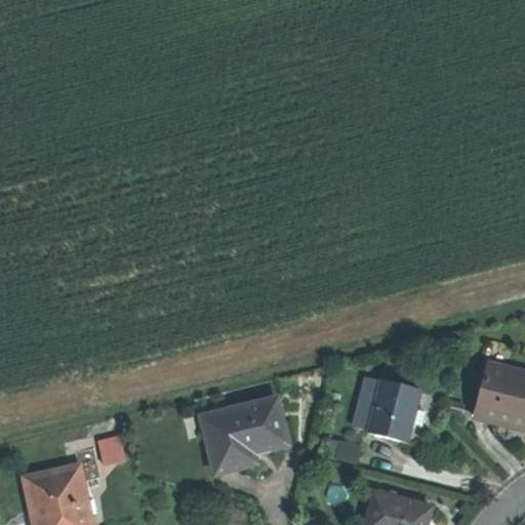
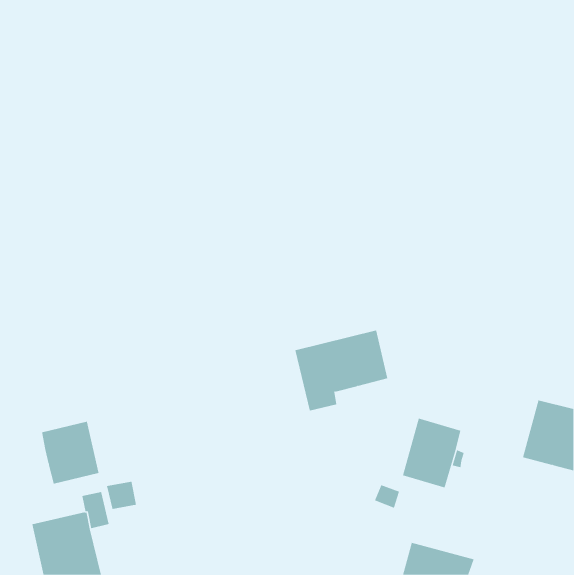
building: none -> [42,421,99,485]
building: [201,399,286,473] -> [294,330,388,411]

